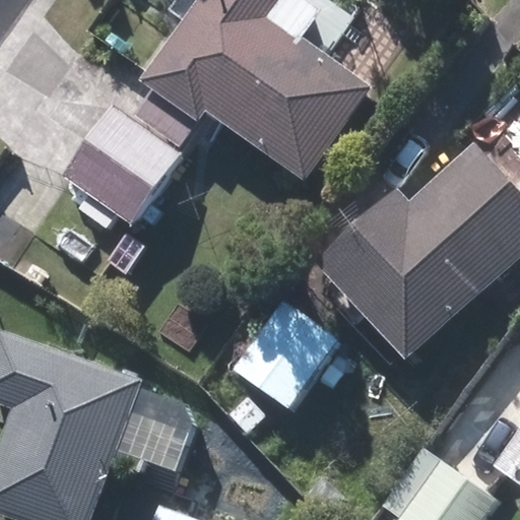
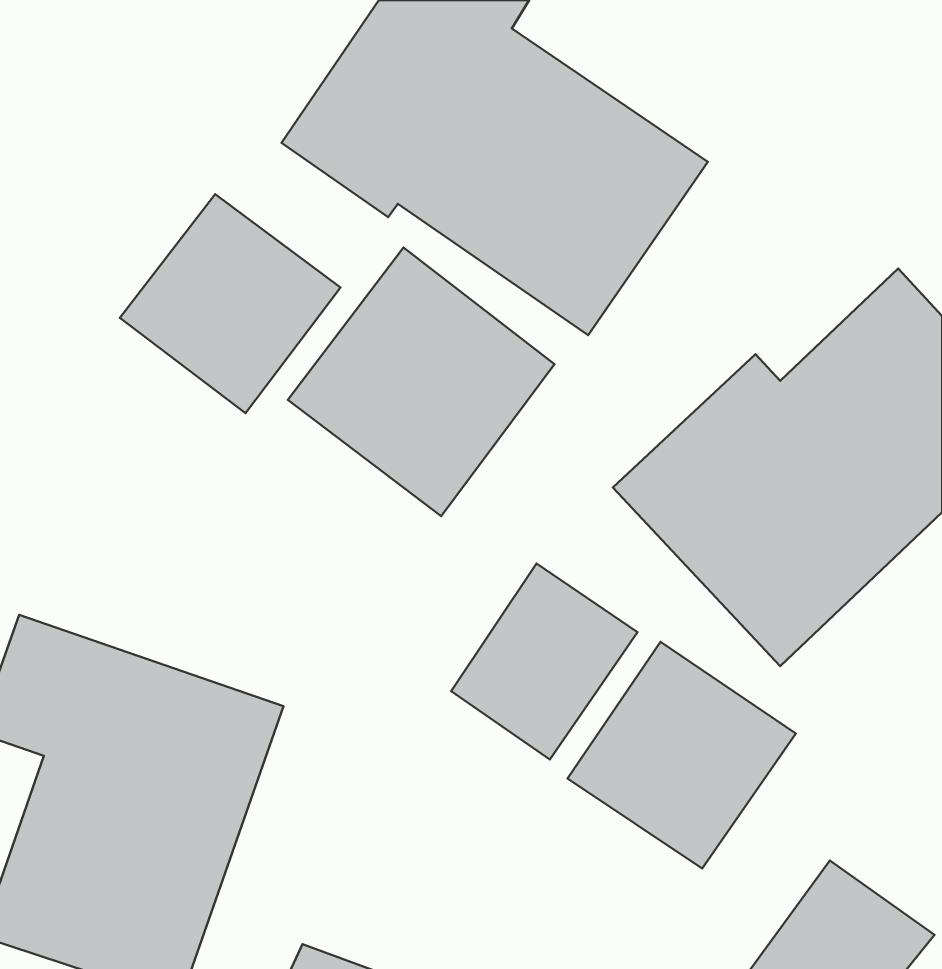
building: none -> [288,247,555,516]
building: none -> [568,642,796,868]

